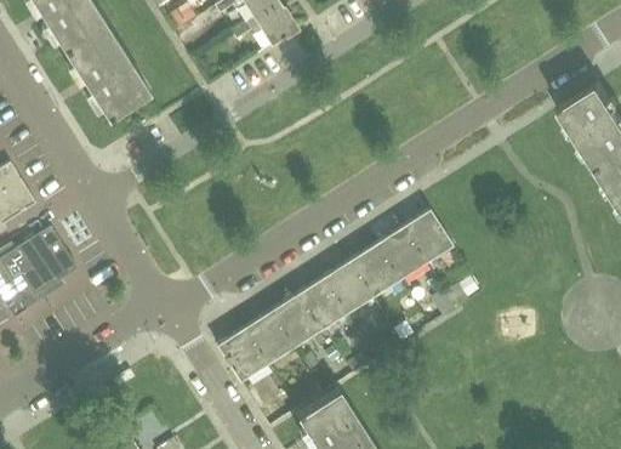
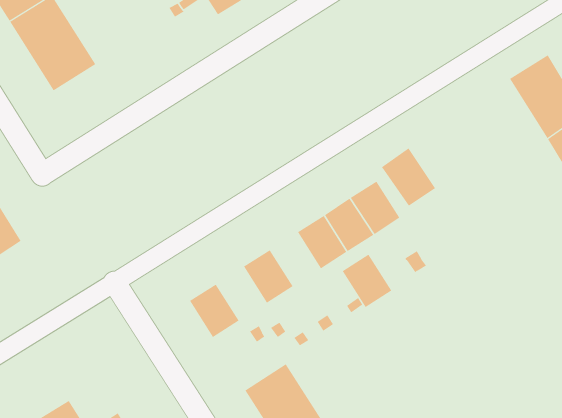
building: none -> [381,148,436,207]
building: [323,261,372,314] -> [342,254,392,308]
building: [269,295,319,348] -> none
building: [216,329,266,382] -> none

